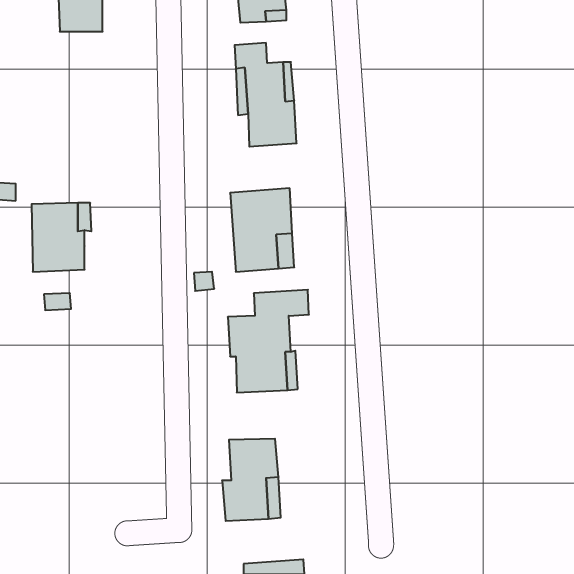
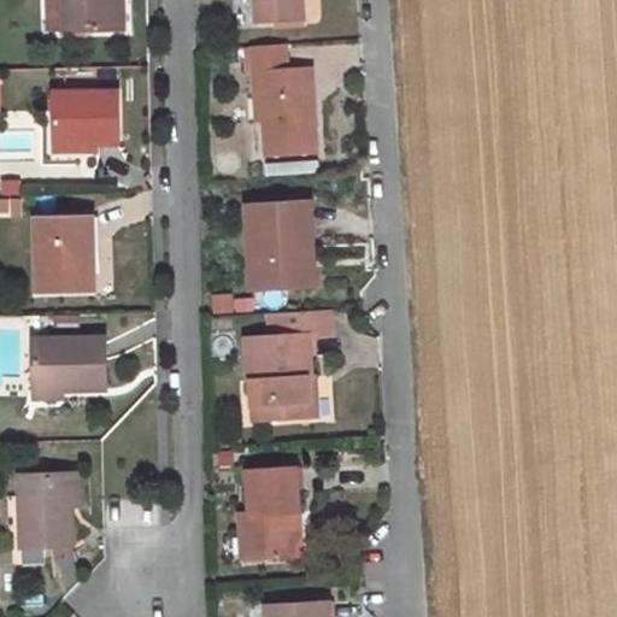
building: none -> [52,95,118,147]
building: none -> [33,337,106,390]
building: none -> [17,471,71,542]

